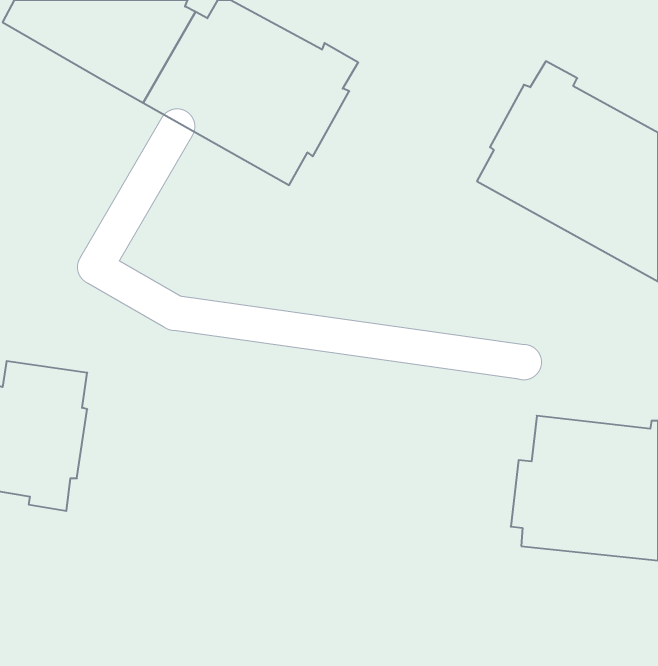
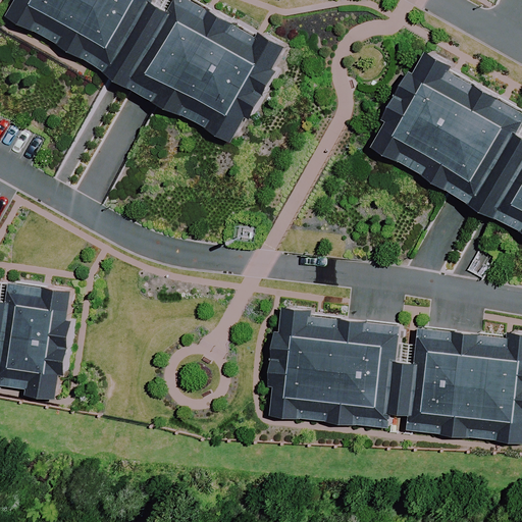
building: none -> [270,304,406,424]

